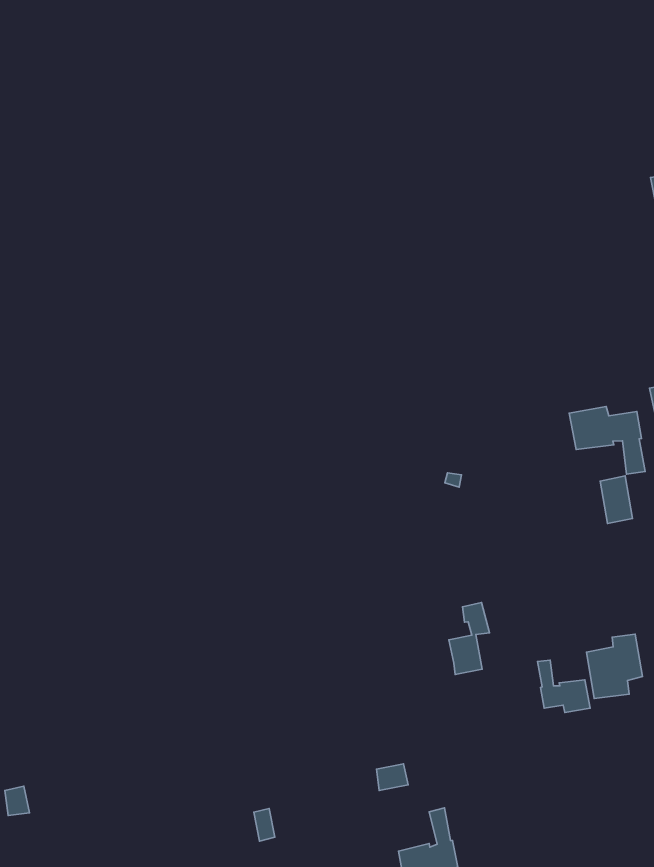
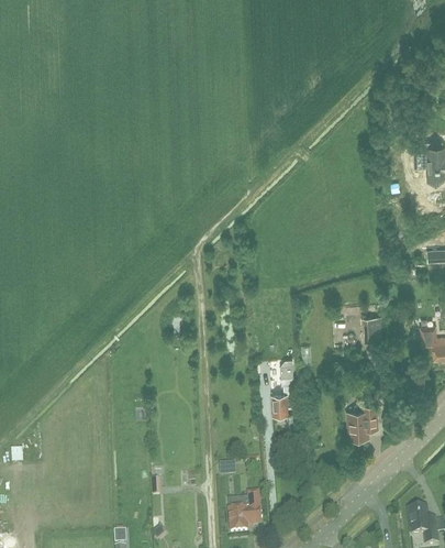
building: [569,406,645,474] -> none
building: [537,660,590,713] -> none

